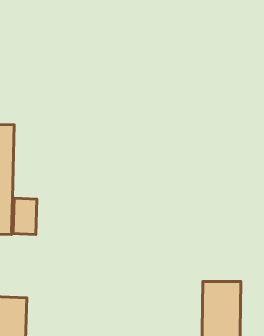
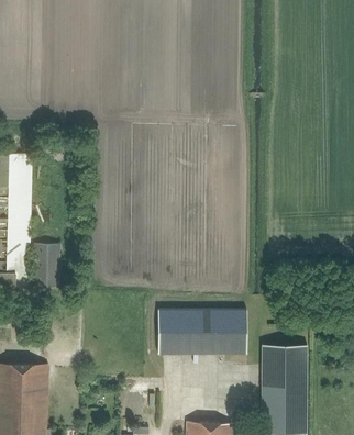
building: none -> [157,310,246,355]

